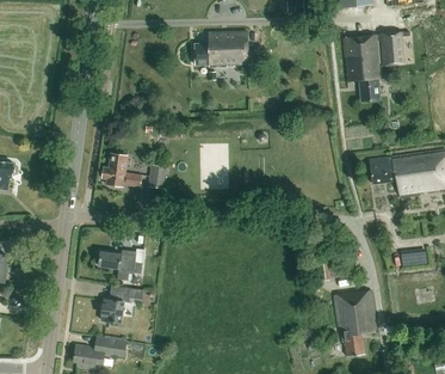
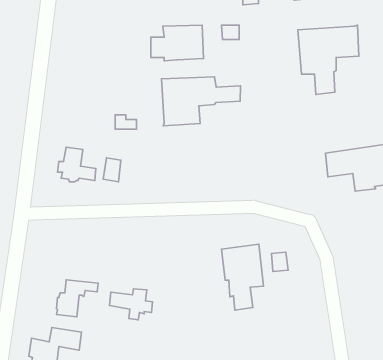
building: none -> [161,77,241,126]
building: [99,249,142,280] -> [110,289,153,320]
building: [334,289,376,355] -> [222,244,263,310]

